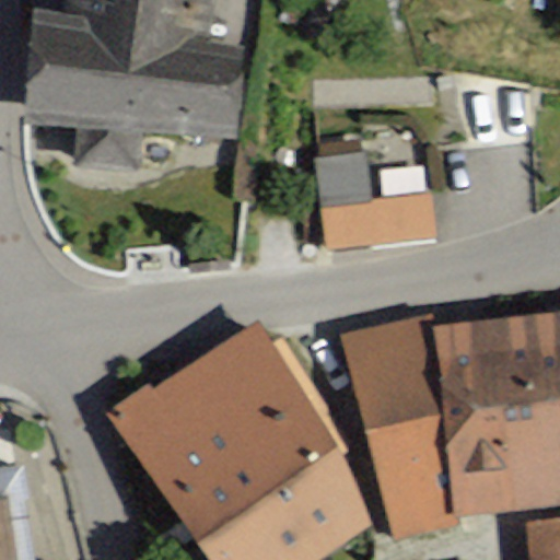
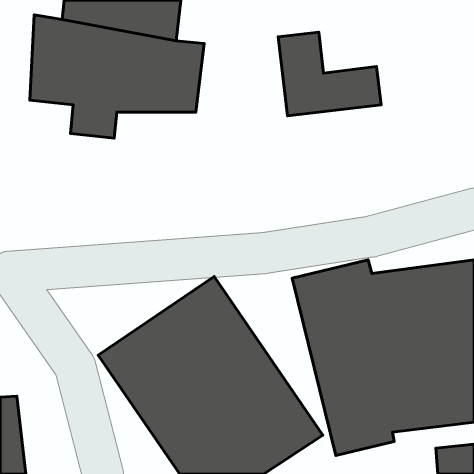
building: [320,154,442,253] -> [278,32,381,116]

